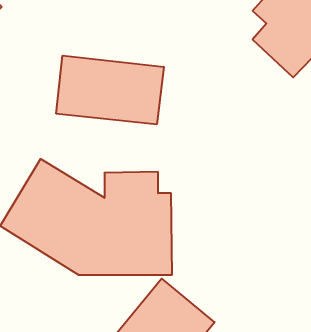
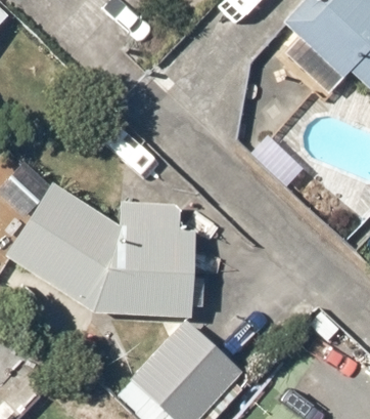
building: [56,56,164,124] -> none

